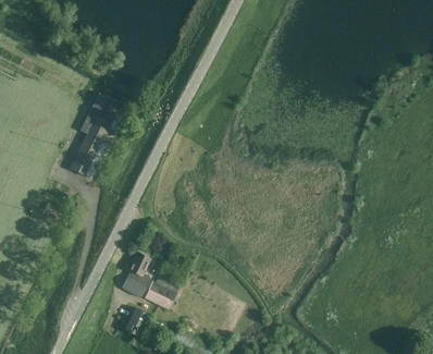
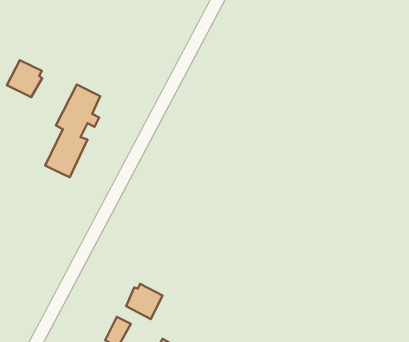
building: none -> [7,60,42,97]
building: [122,252,151,297] -> none

